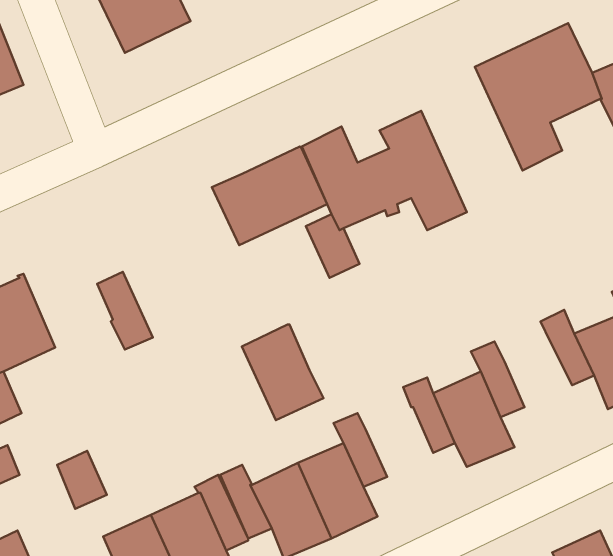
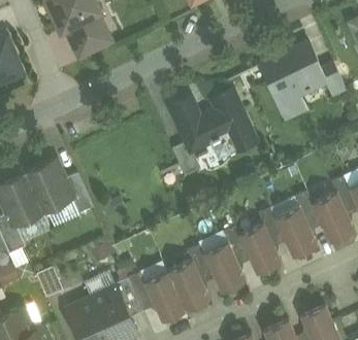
building: [212,147,327,245] -> none
building: none -> [26,160,72,211]
building: [242,324,323,420] -> [203,242,246,292]
building: none -> [275,208,317,258]

